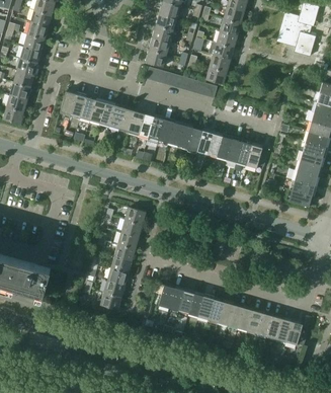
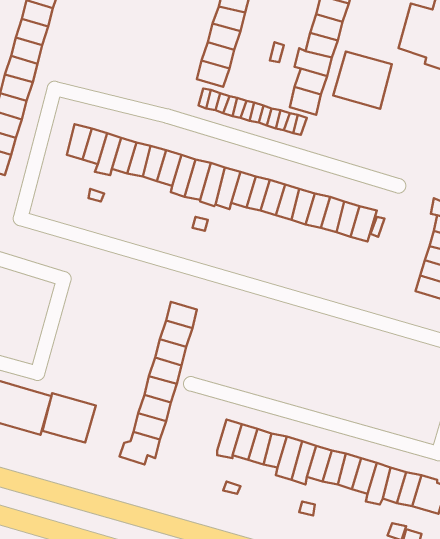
building: none -> [333,52,392,109]
building: none -> [42,393,96,443]

